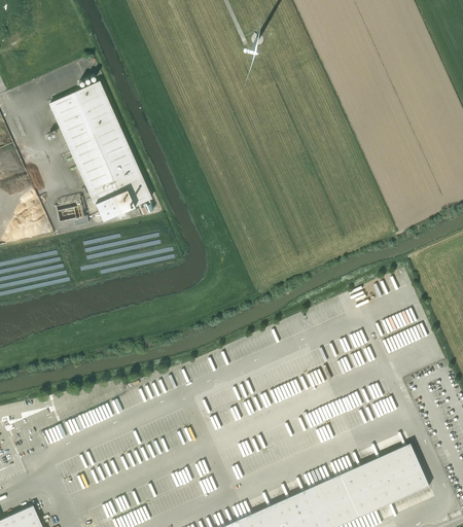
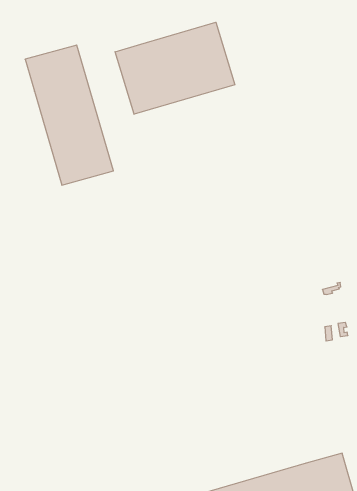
building: none -> [115,22,235,114]

